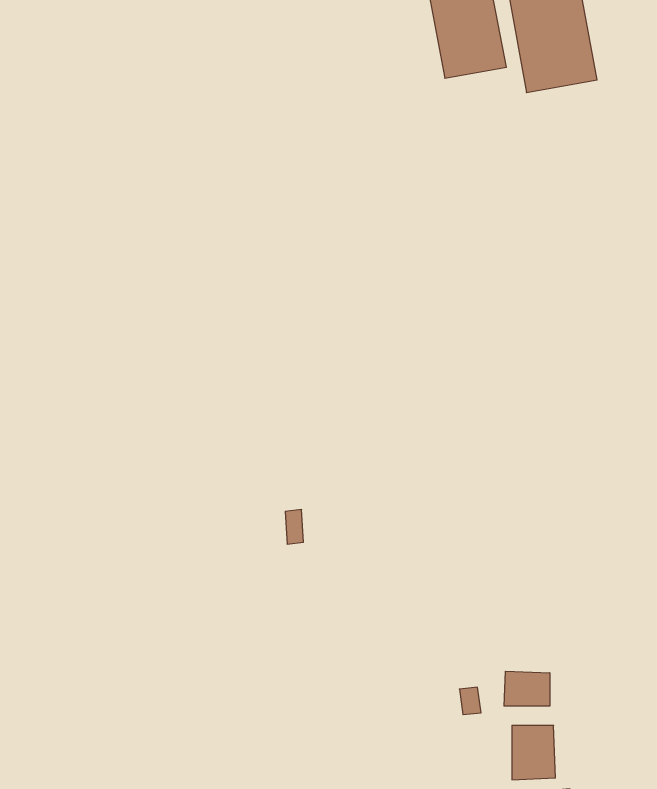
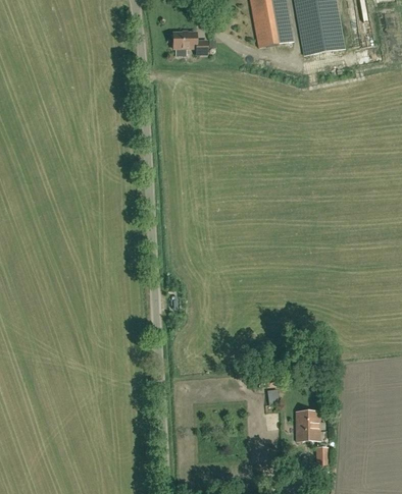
building: none -> [173,33,207,54]
building: [504,671,550,706] -> none

